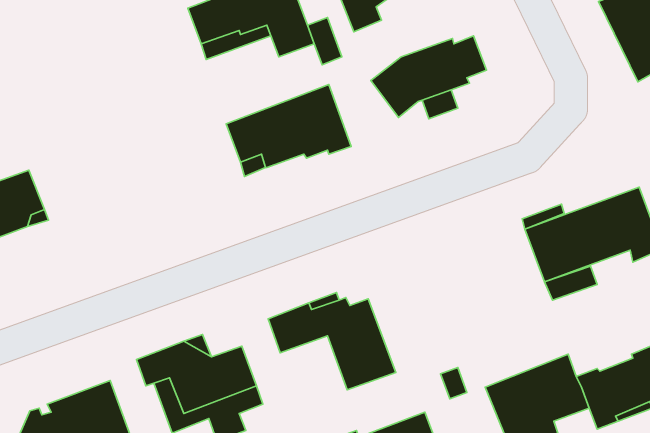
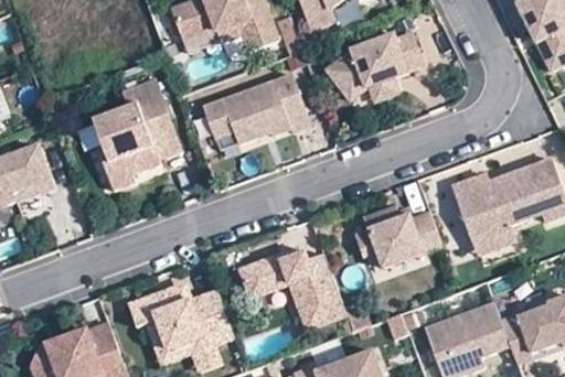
building: none -> [94,79,180,188]
building: none -> [355,207,441,268]

